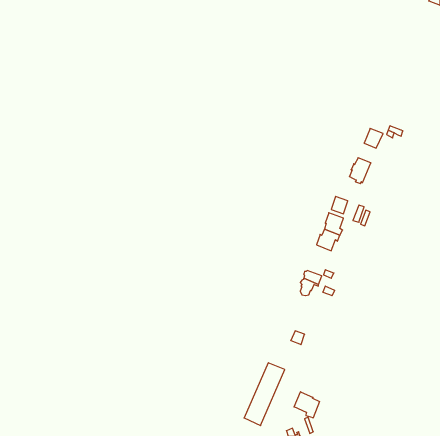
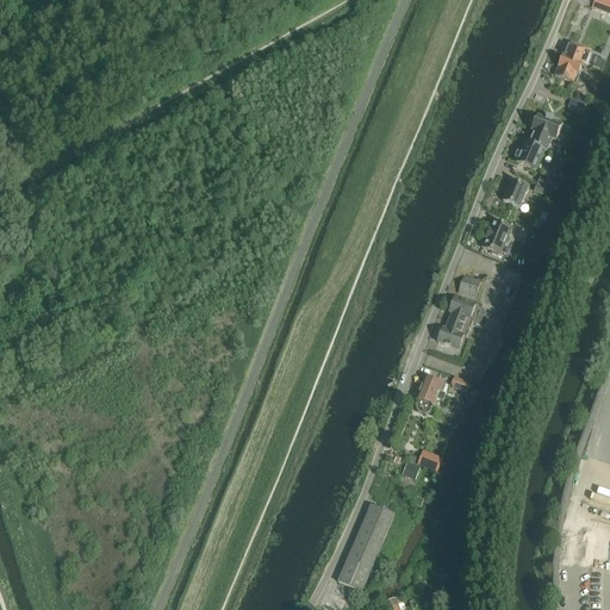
building: none -> [555,39,591,80]
building: none -> [518,113,562,168]
building: [294,392,319,418] -> none

